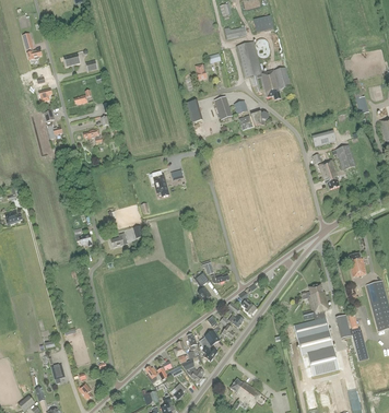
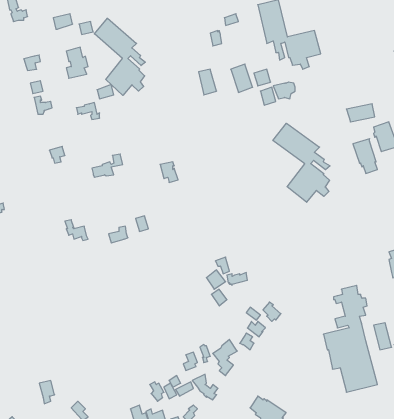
building: none -> [94,18,145,95]
building: none -> [273,123,330,202]

